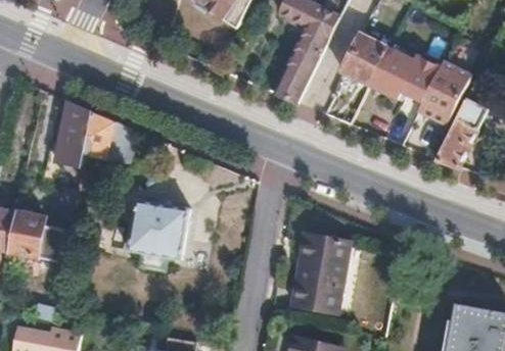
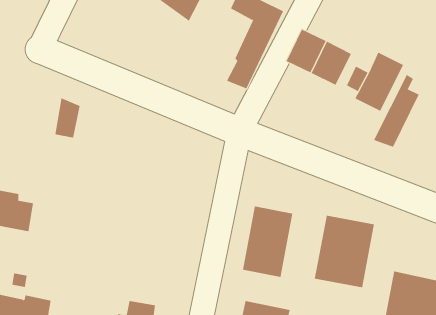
building: [58,101,92,165] -> none
building: [126,202,188,259] -> none
building: none -> [314,215,375,288]

